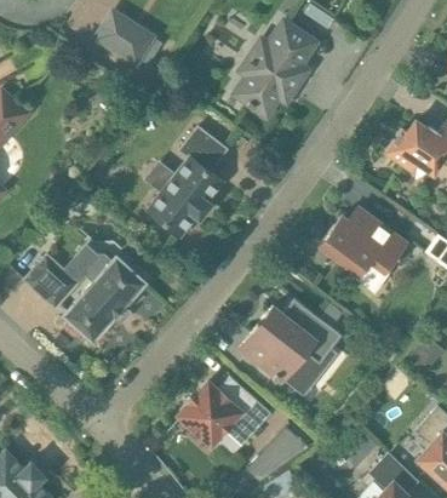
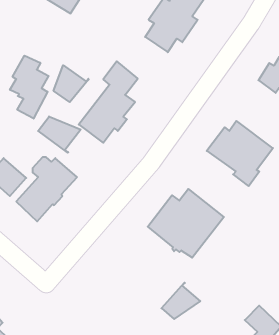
building: none -> [10,56,49,119]
building: none -> [54,65,89,102]
building: none -> [38,116,81,153]
building: [179,376,271,446] -> none

